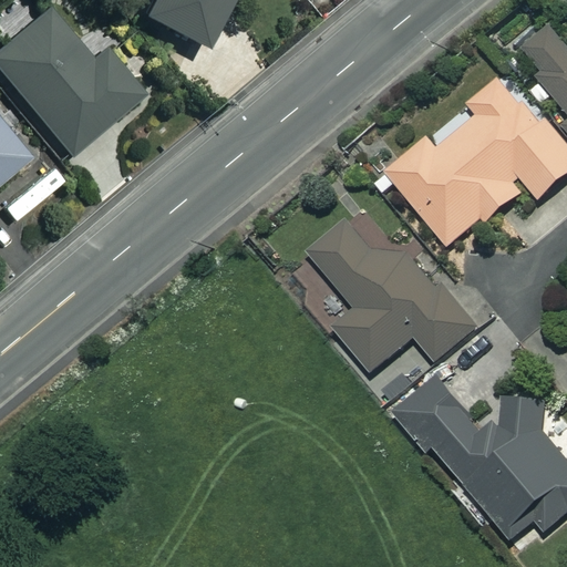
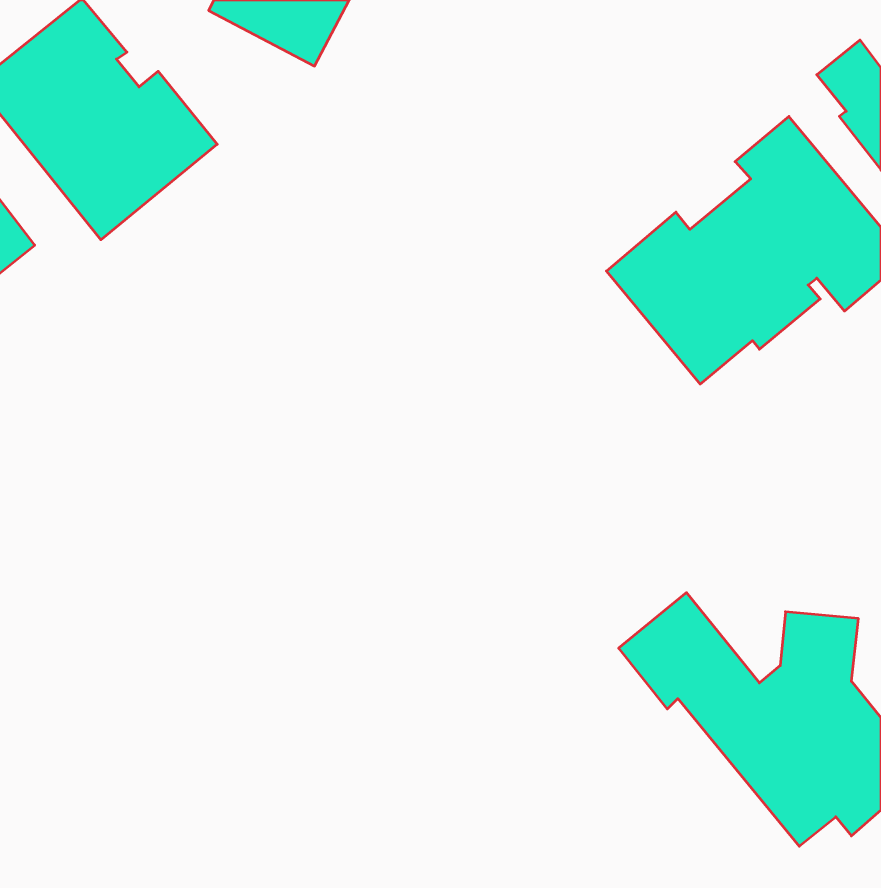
building: [308,205,478,372] -> none

